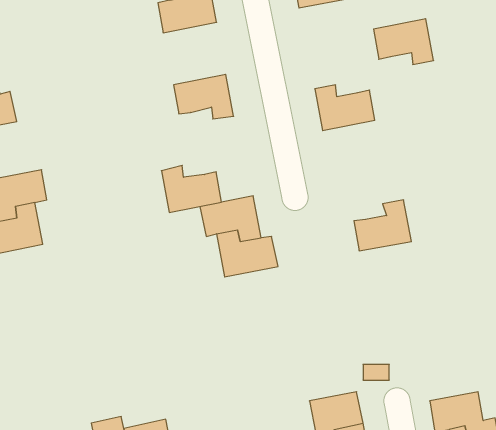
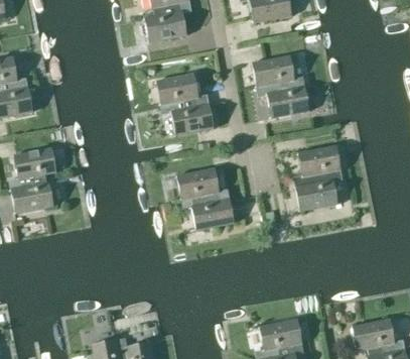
building: [374,19,434,64] -> [251,55,297,91]
building: [161,165,221,212] -> [168,99,215,135]
building: none -> [297,145,341,186]

